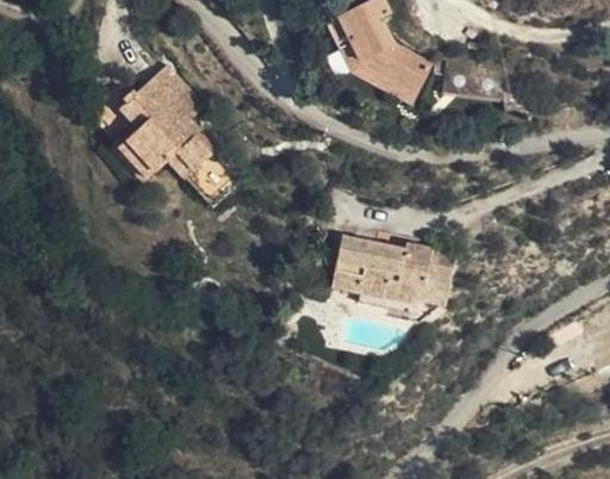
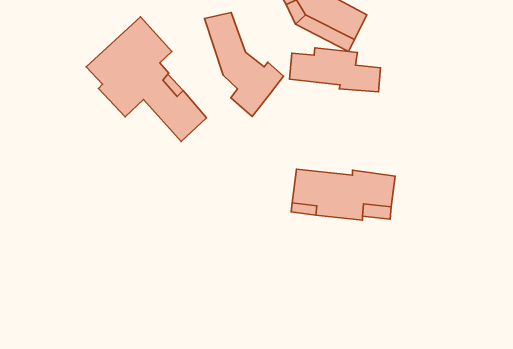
building: none -> [205,13,283,117]
building: none -> [289,48,380,92]

